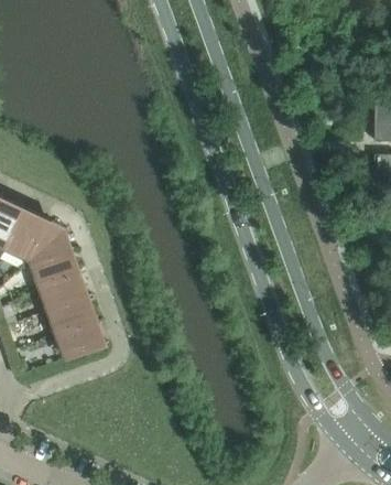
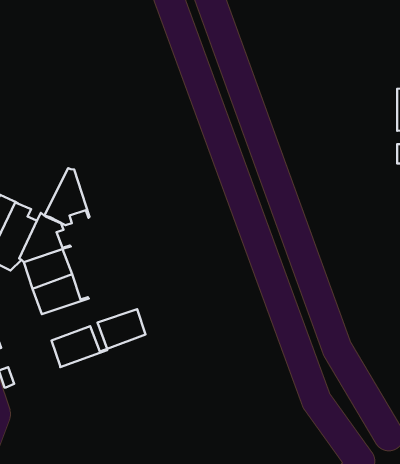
building: none -> [44,168,89,225]
building: [50,298,94,334] -> [97,309,146,349]

